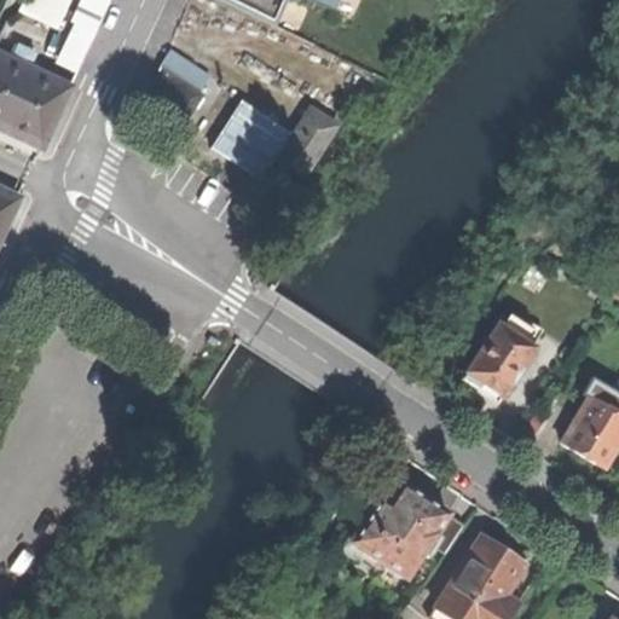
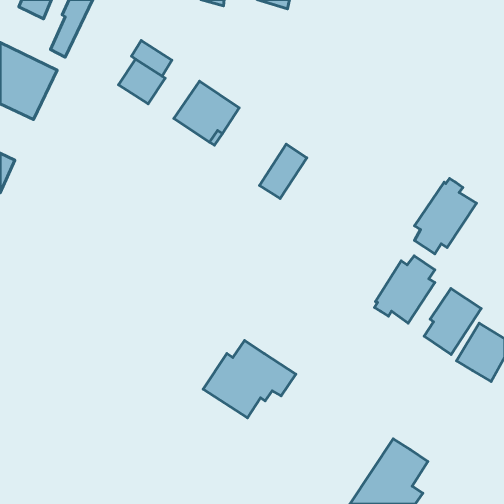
building: [282,109,340,175] -> [259,144,307,198]
building: none -> [414,178,476,254]
building: none -> [424,288,481,354]
building: [351,484,464,578] -> [203,341,296,418]

